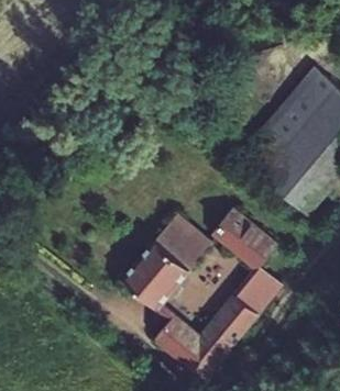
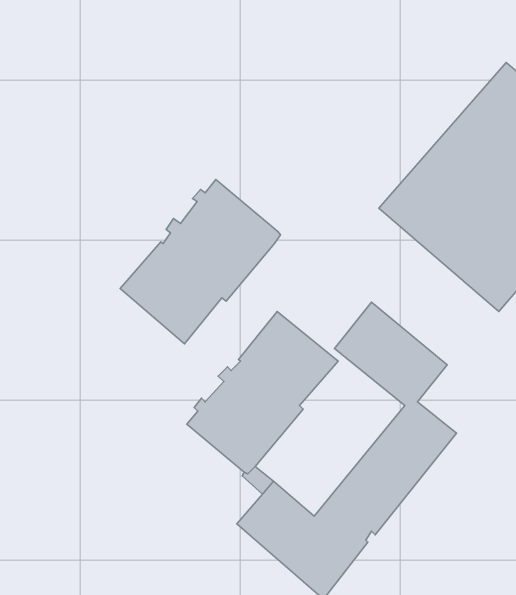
building: none -> [120,179,281,344]

